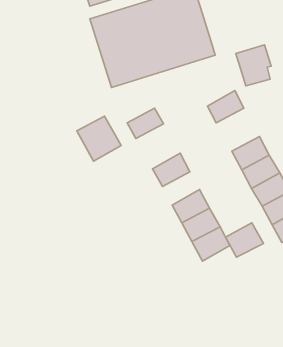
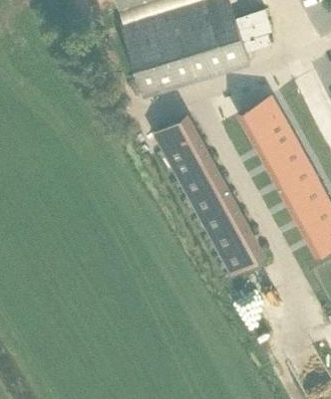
building: [236,45,271,86] -> [235,10,271,52]
building: none -> [249,116,293,160]
building: [77,116,121,161] -> [167,132,212,178]
building: none -> [194,181,232,215]
building: [226,223,263,257] -> none

